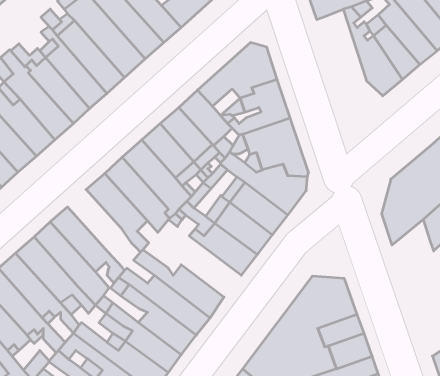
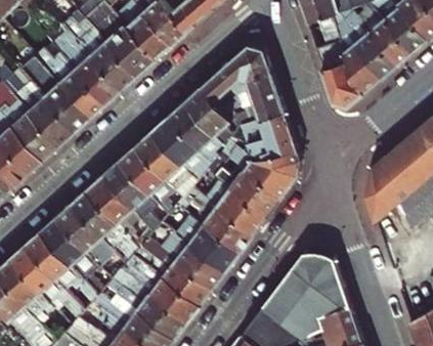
building: none -> [313,16,363,106]
building: none -> [85,176,144,245]
building: none -> [158,214,239,271]

